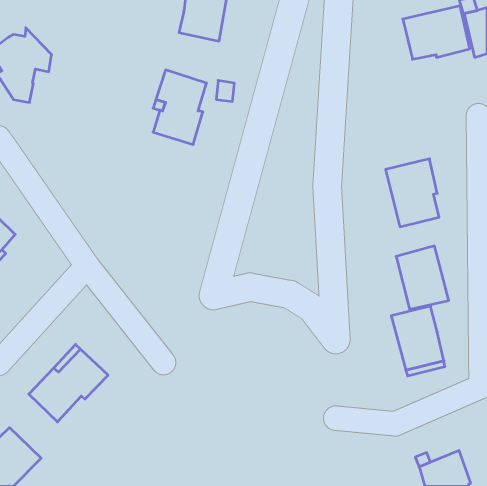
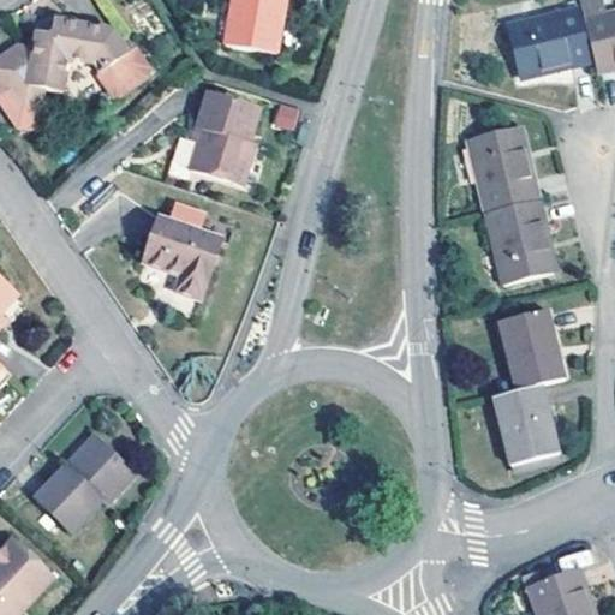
building: none -> [31,17,150,96]
building: none -> [467,126,538,210]
building: none -> [143,215,221,298]

